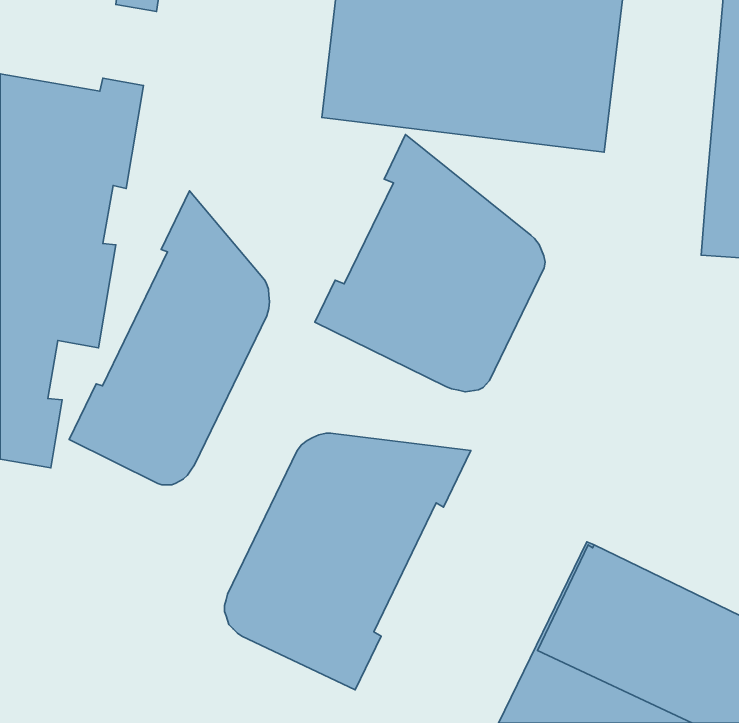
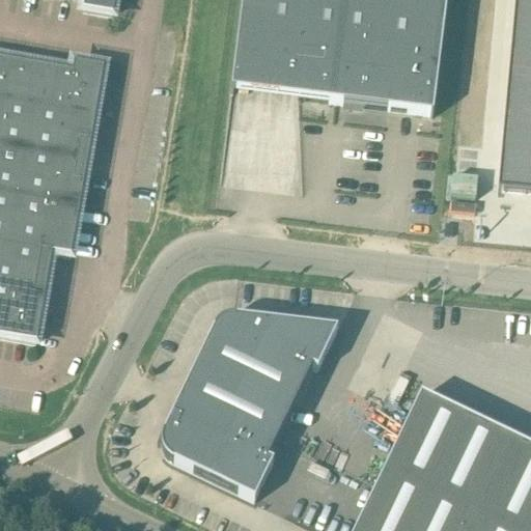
building: [315,135,545,392] -> none
building: [69,191,269,485] -> none

